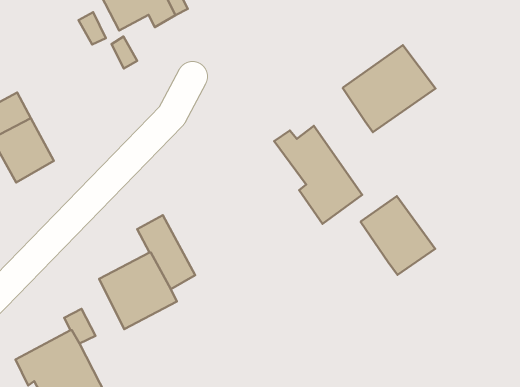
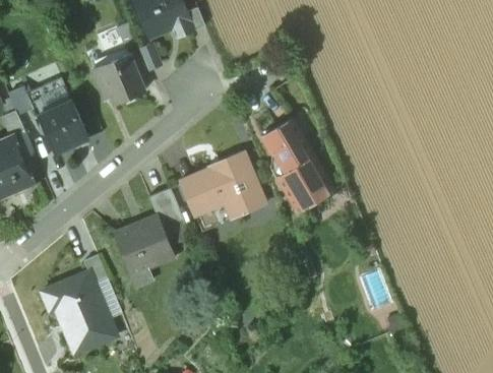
building: [343,45,435,132] -> none
building: none -> [93,54,143,103]
building: none -> [180,152,265,215]
building: [361,196,435,275] -> none

